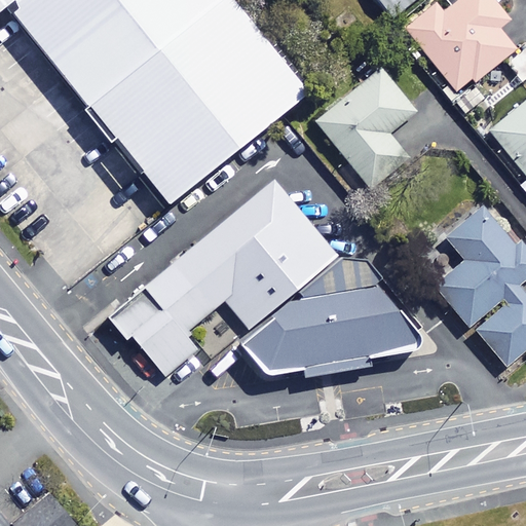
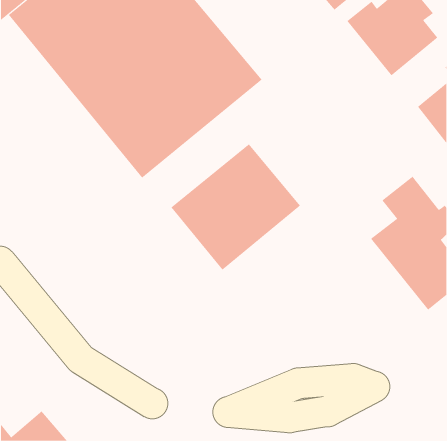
building: [317,66,415,185] -> none
building: [104,250,228,385] -> none
building: [238,281,424,378] -> none

